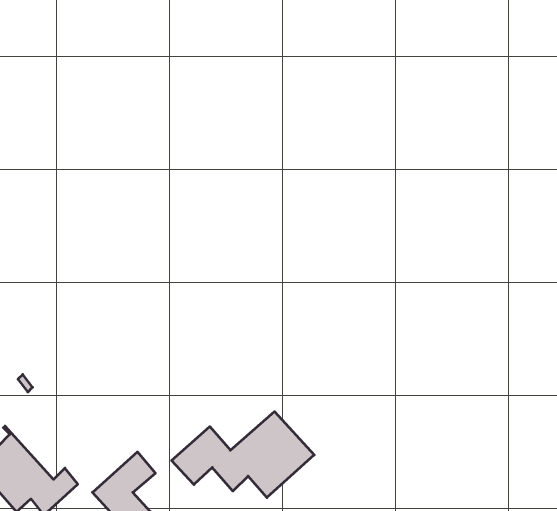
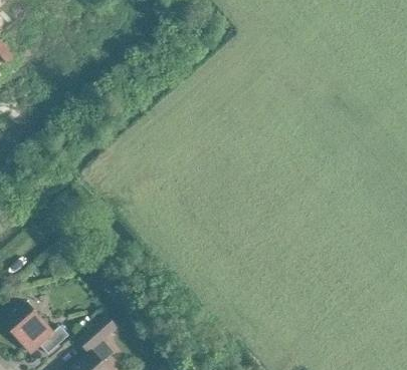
building: [172,412,314,498] -> none

